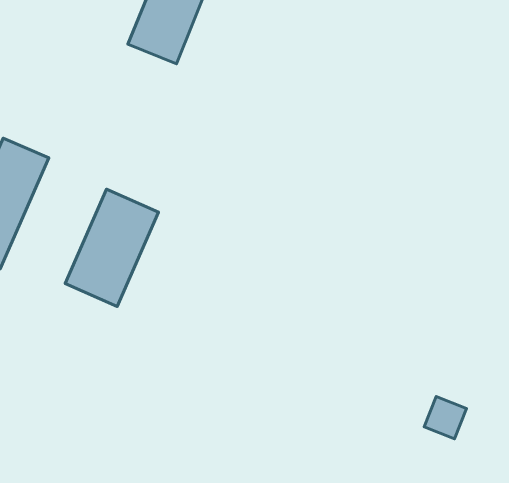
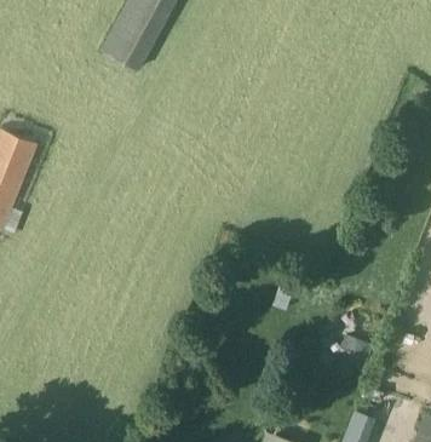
building: [65,189,159,307] -> none

